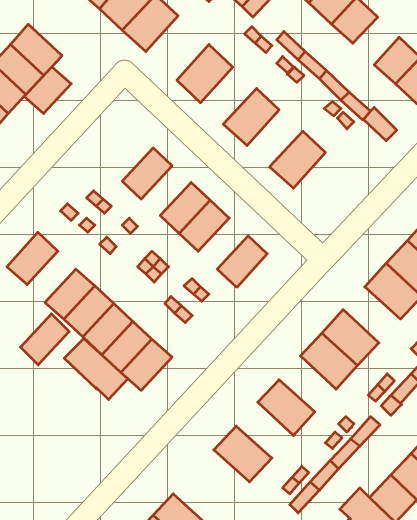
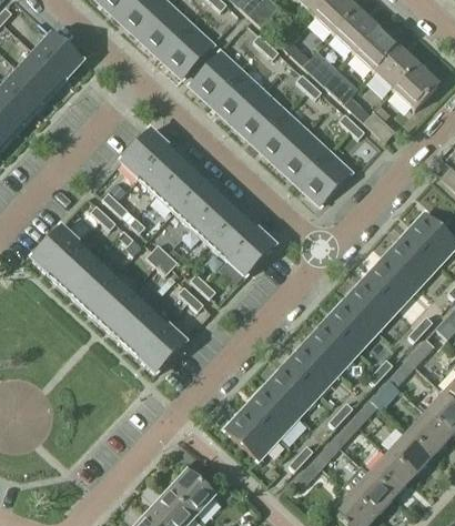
building: none -> [161,23,213,77]
building: none -> [354,24,397,69]
building: [24,67,71,114] -> none
building: none -> [212,71,264,124]
building: none -> [255,111,307,164]
building: none -> [120,129,168,178]
building: none -> [299,151,351,204]
building: none -> [156,163,203,210]
building: none -> [210,212,256,260]
building: none -> [345,276,398,328]
building: [20,314,69,365] -> [50,243,95,291]
building: [64,339,128,400] -> none
building: none -> [285,341,338,393]
building: none -> [245,384,299,436]

